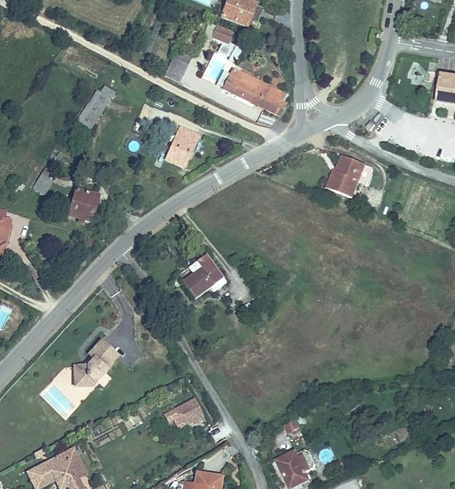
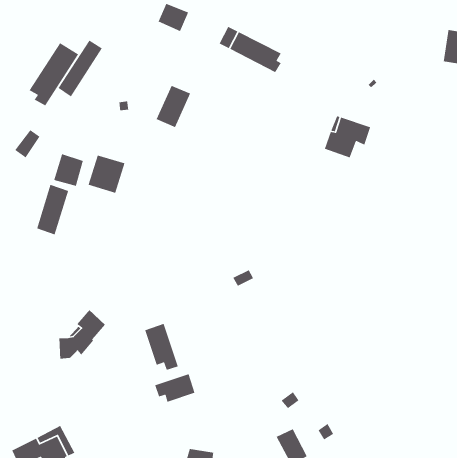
building: none -> [29,42,79,106]
building: none -> [88,154,125,194]
building: none -> [36,184,69,235]
building: [180,253,226,299] -> none
building: none -> [144,323,179,371]

